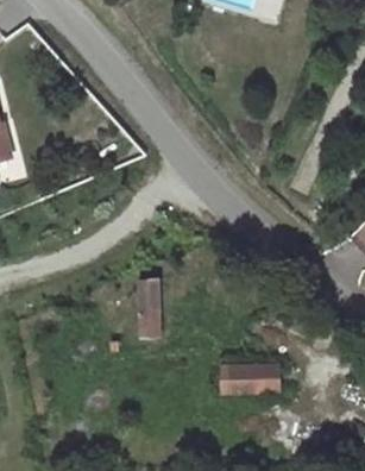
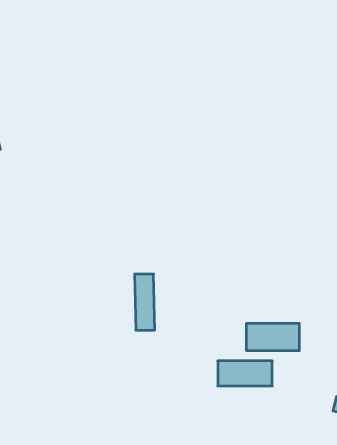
building: none -> [247,323,299,351]

